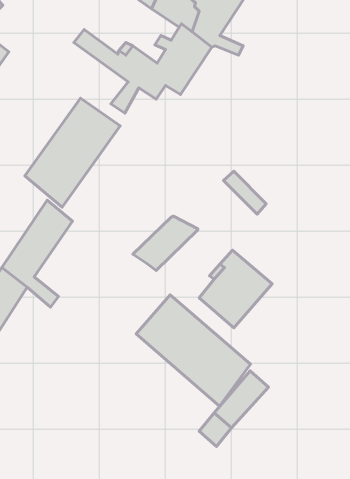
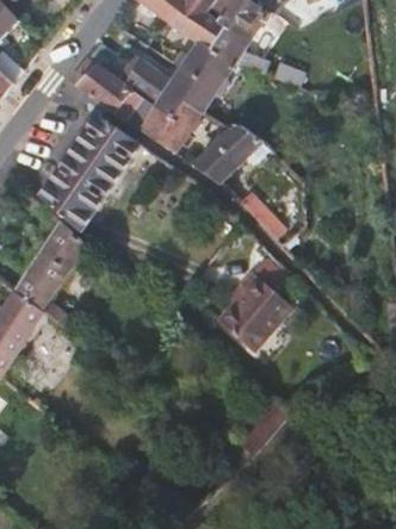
building: none -> [74,58,146,122]
building: none -> [142,102,199,153]
building: [133,216,198,271] -> [193,126,260,182]
building: [136,295,250,406] -> none

